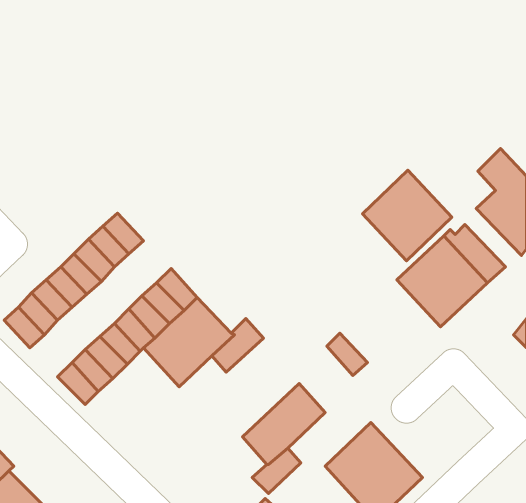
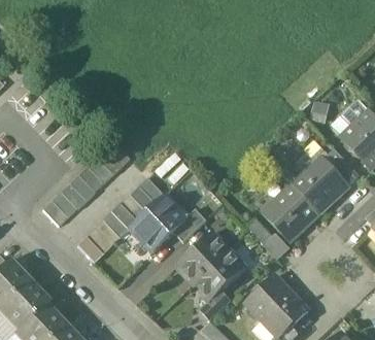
building: [363,170,452,261] -> [263,182,319,240]
building: none -> [177,231,230,282]

